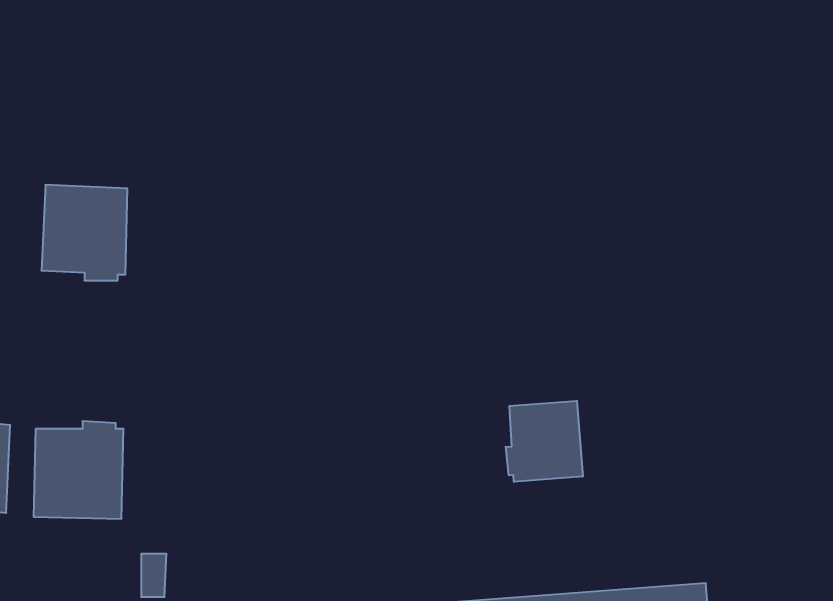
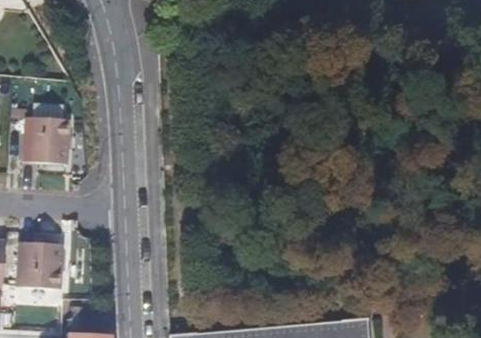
building: [506,401,583,482] -> none

